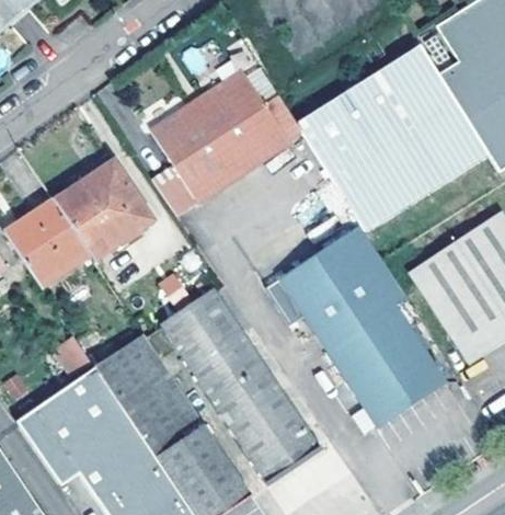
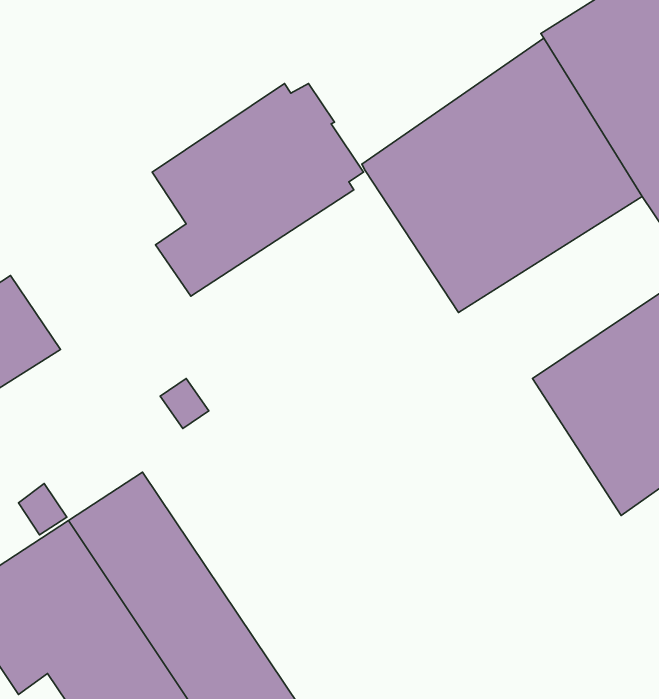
building: [55,162,152,260] -> none
building: [266,227,445,426] -> none
building: [164,291,320,482] -> none

